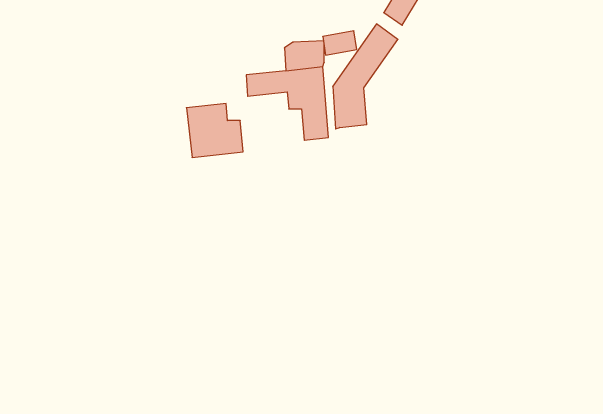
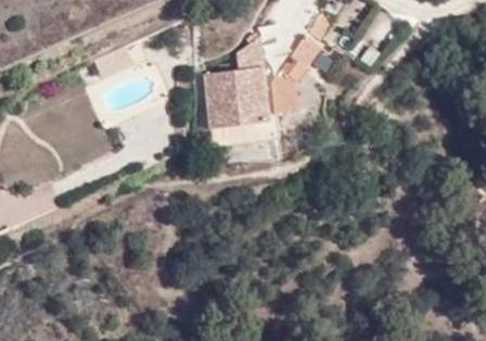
building: [186,104,243,157] -> [205,88,248,129]

